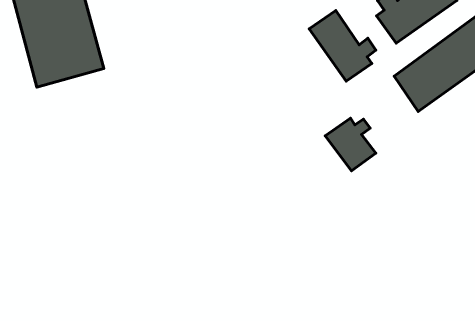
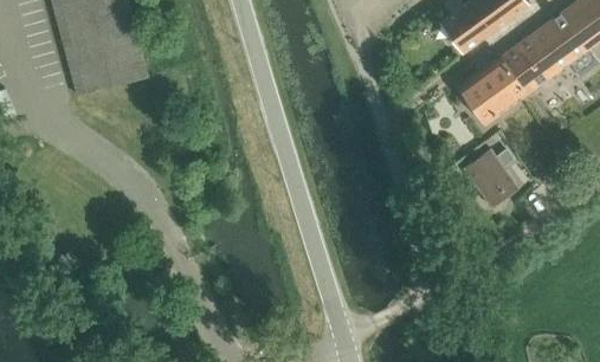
building: [309,10,376,81] -> none
building: [325,118,376,171] -> [465,148,520,205]

